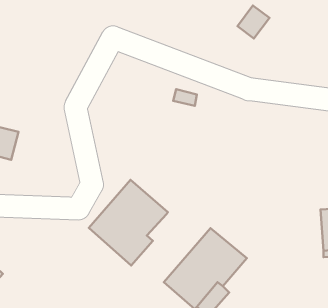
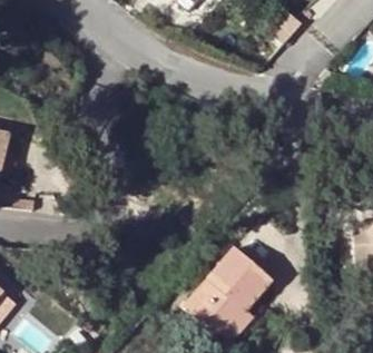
building: [89,180,168,265] -> none

